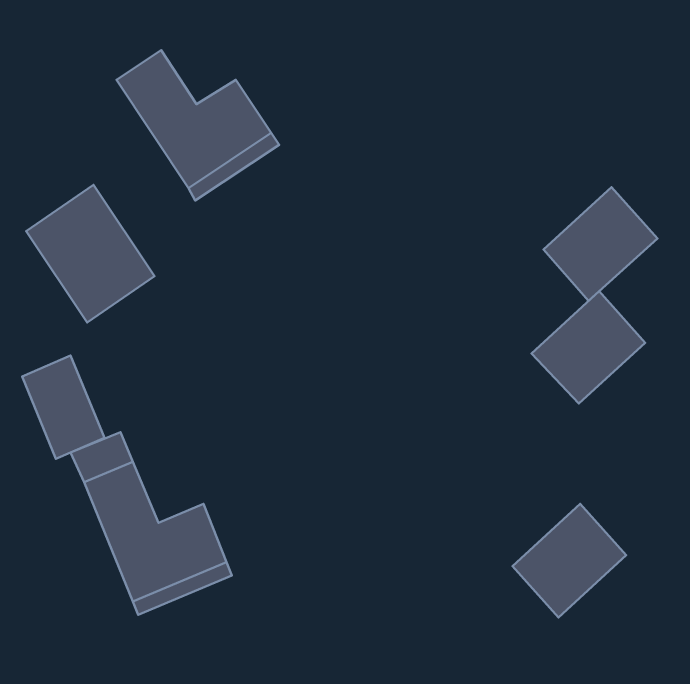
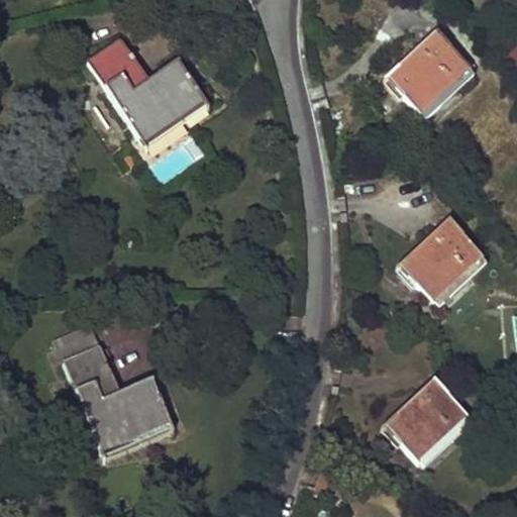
building: [26,185,155,323] -> none
building: [544,187,658,301] -> [386,28,471,113]
building: [22,355,104,459] -> none

